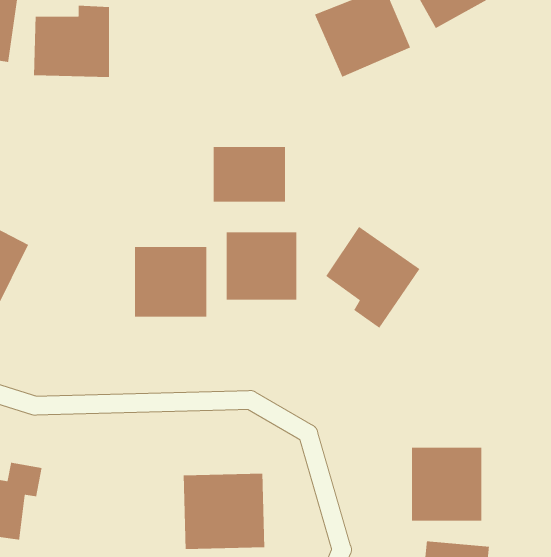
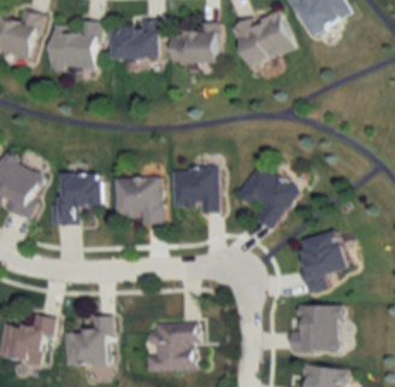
building: none -> [112,23,161,58]
building: [213,146,286,202] -> [171,28,218,64]
building: none -> [57,172,104,224]
building: none -> [295,230,347,294]
building: none -> [65,316,112,367]

